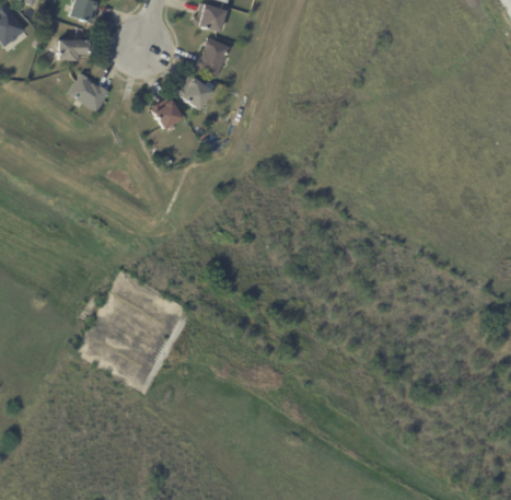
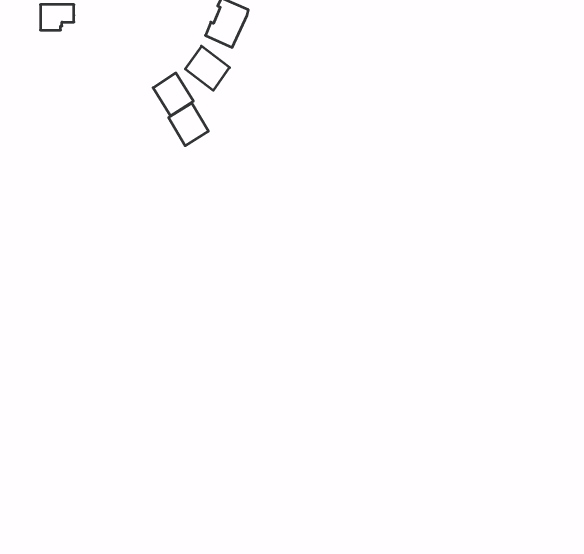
building: [69,71,108,109] -> none
building: none -> [169,103,208,146]

